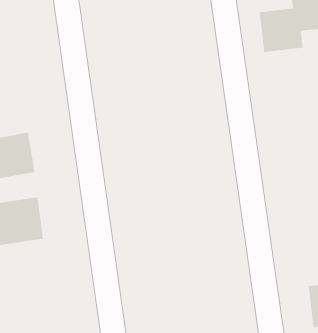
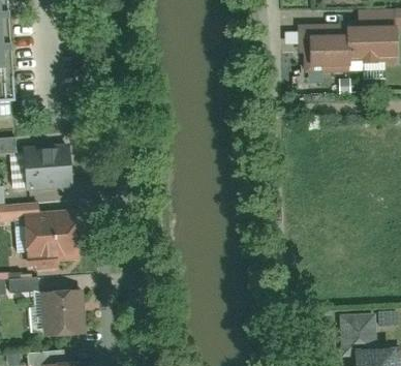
building: none -> [40,288,75,335]

